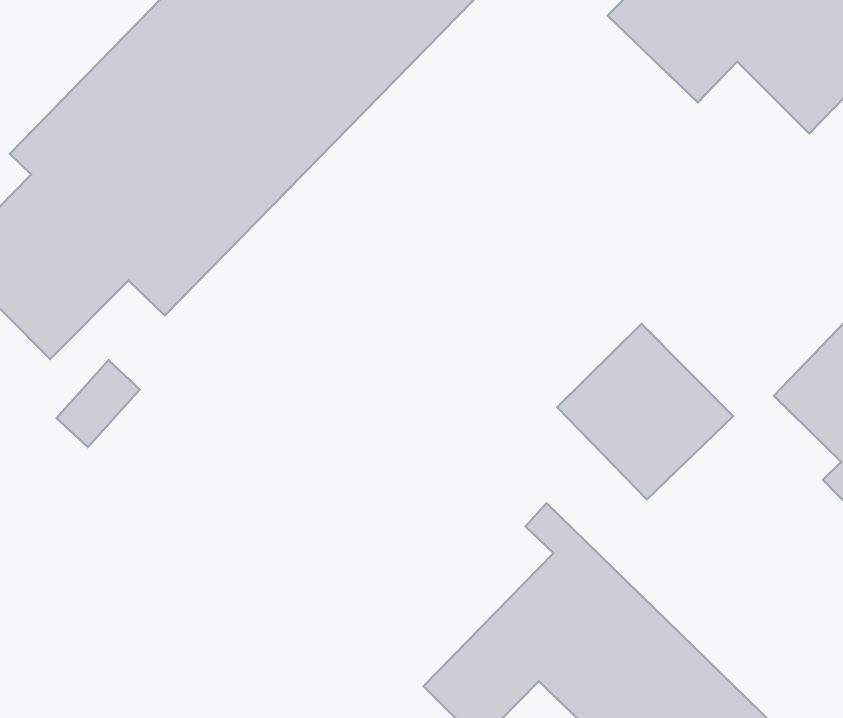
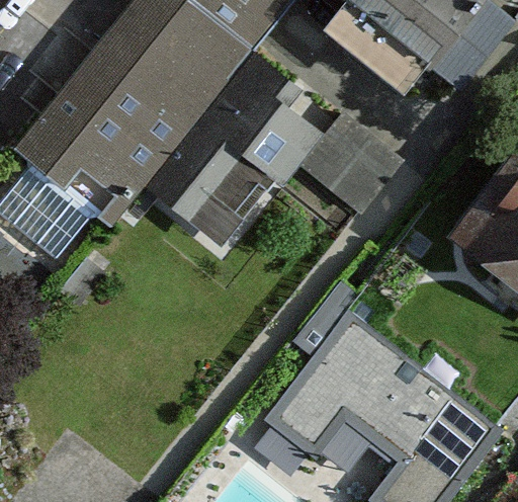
building: none -> [147,55,322,241]
building: [557,324,733,500] -> [303,116,401,214]

